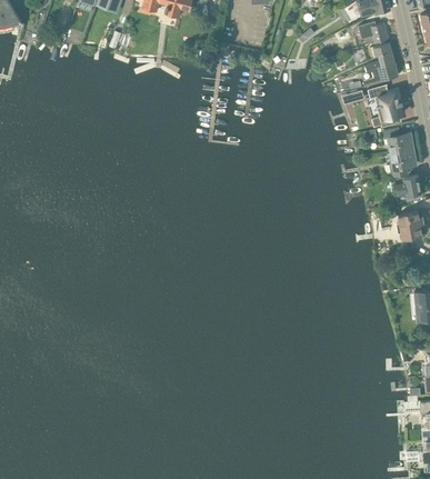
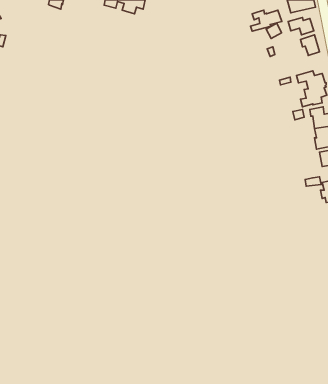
building: [362,62,399,87] -> [250,10,282,31]

